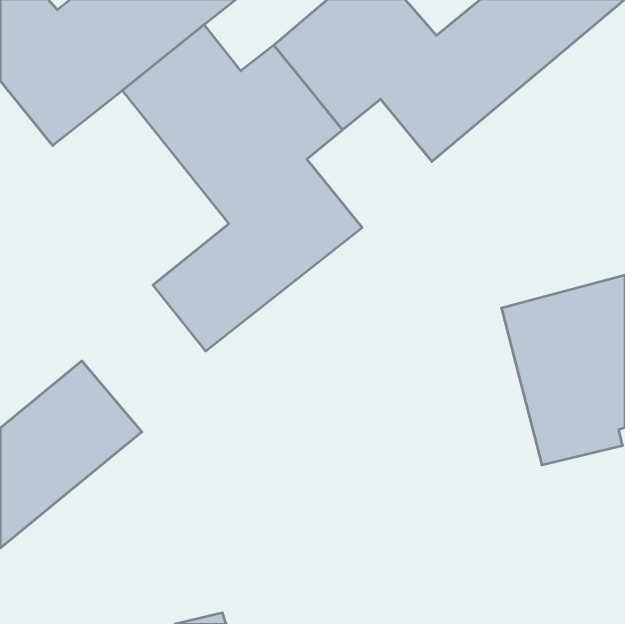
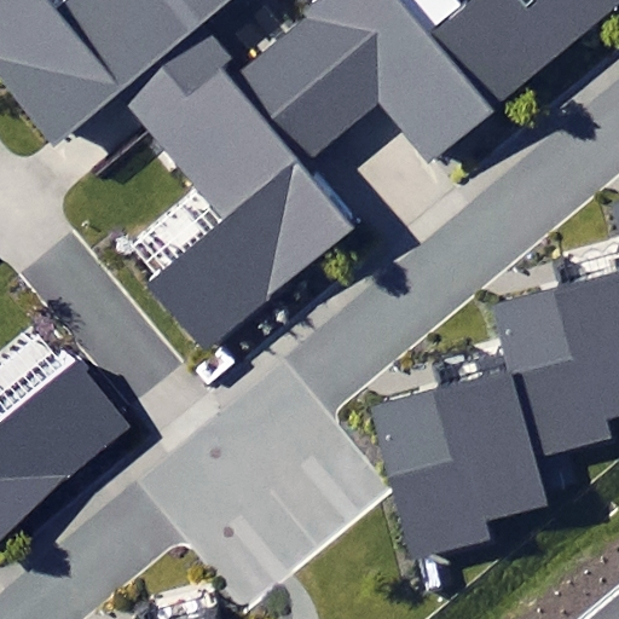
building: none -> [369,370,546,560]

